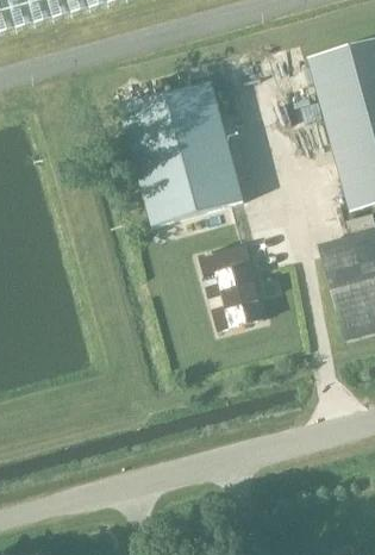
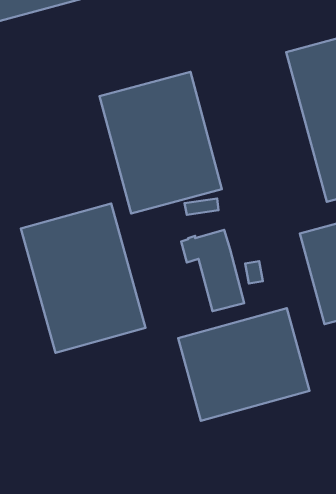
building: none -> [21,204,146,353]
building: none -> [178,308,310,421]

